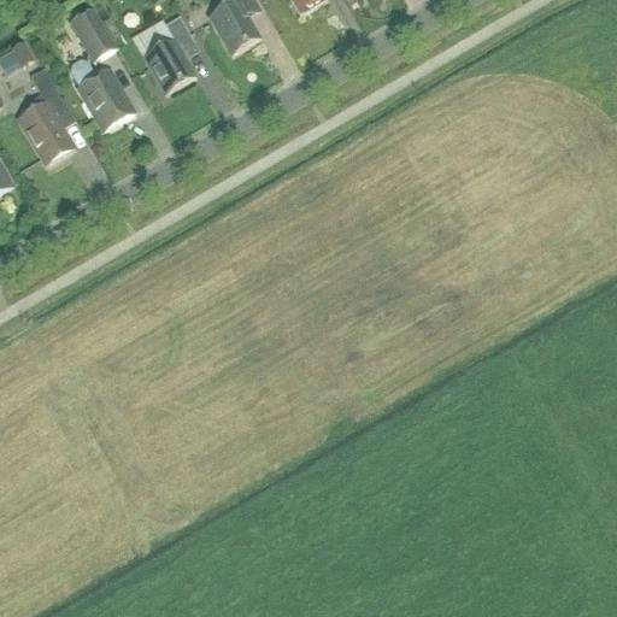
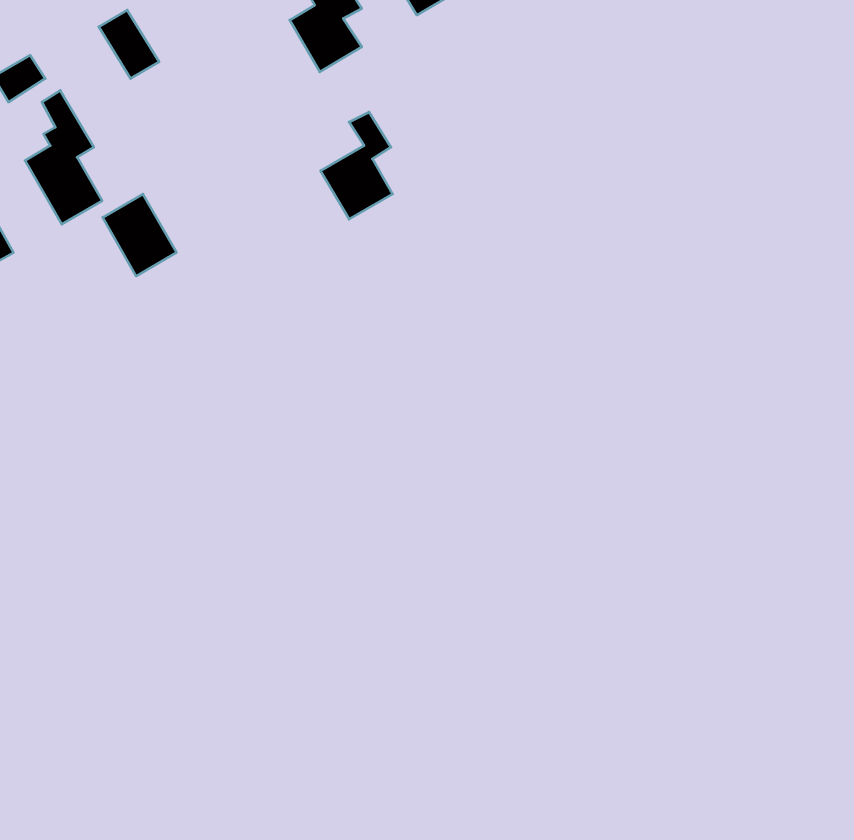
building: [143,13,195,90] -> [321,112,393,219]
building: [80,67,133,127] -> [103,194,176,276]

